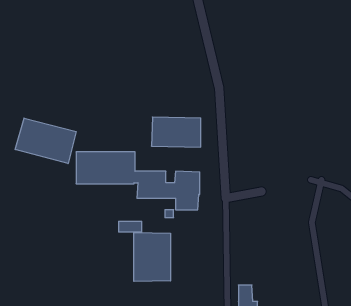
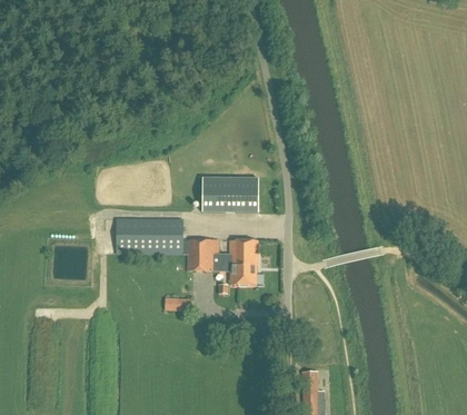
building: [15,118,76,164] -> none
building: [134,233,170,281] -> none

